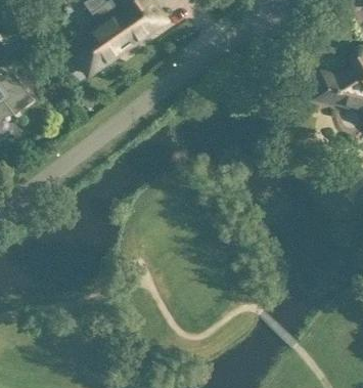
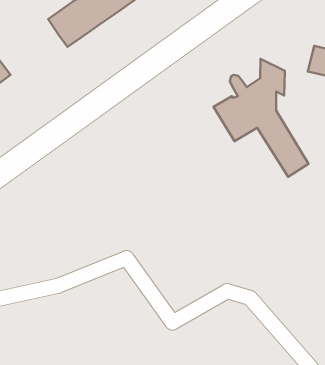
building: none -> [213,59,308,177]

